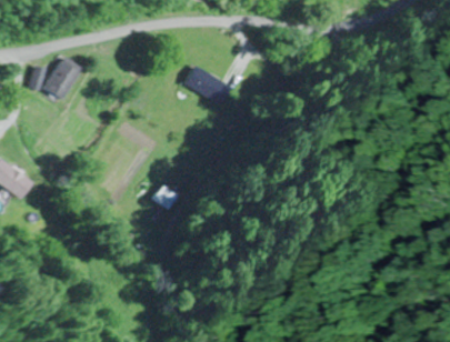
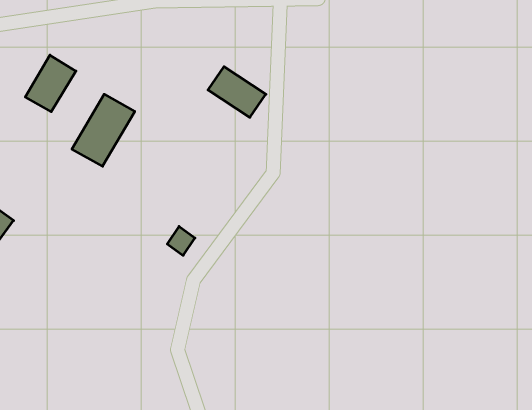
building: none -> [72,94,135,166]

